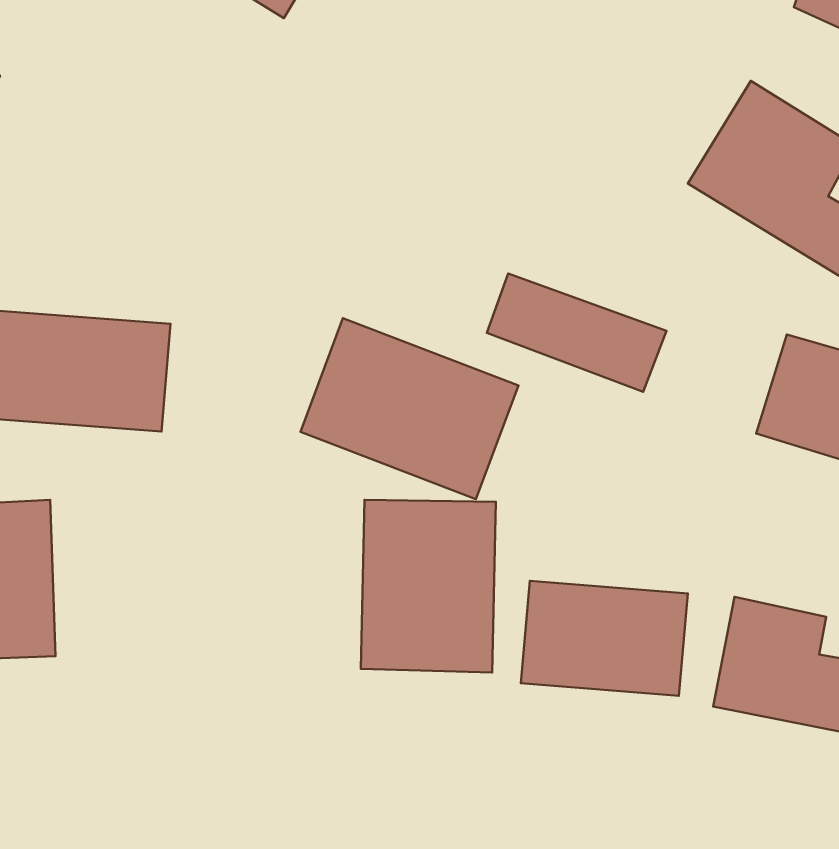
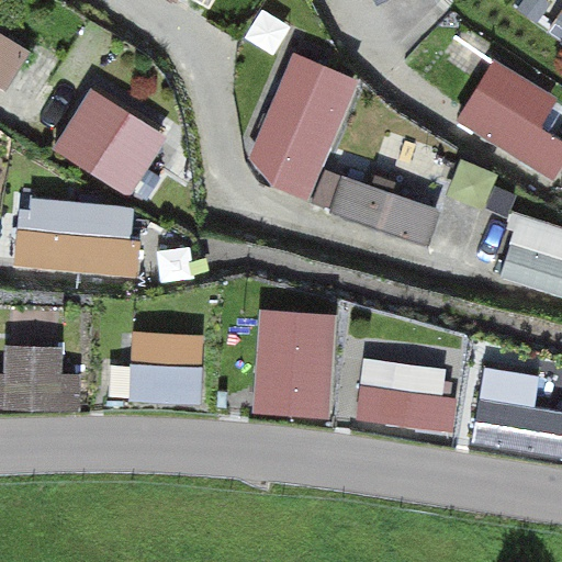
building: none -> [246,53,359,196]
building: none -> [54,89,169,198]
building: [300,318,518,499] -> none
building: none -> [128,331,204,404]

